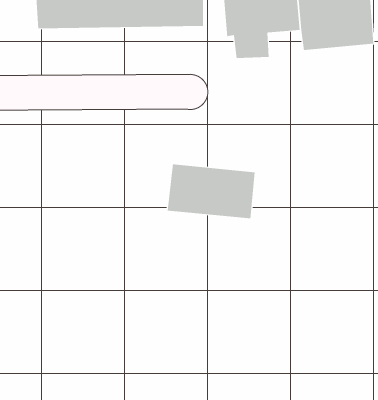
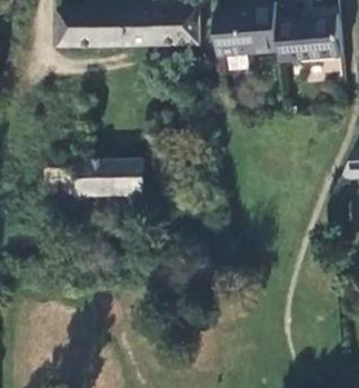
building: [167,164,255,219] -> [68,153,141,199]

